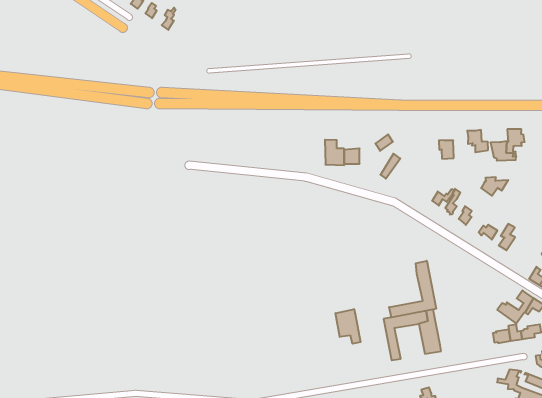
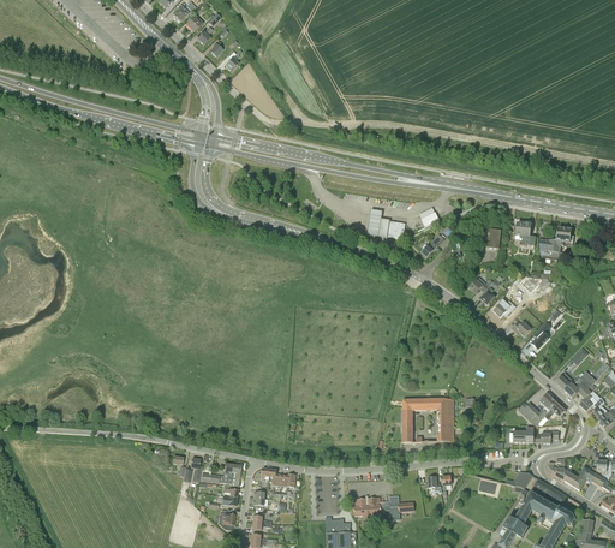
building: [389,261,436,317] -> none
building: [336,309,361,344] -> none

